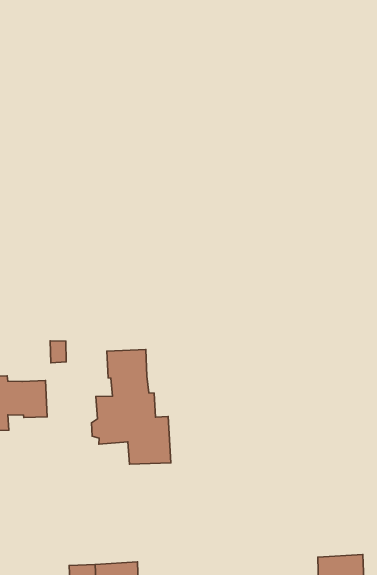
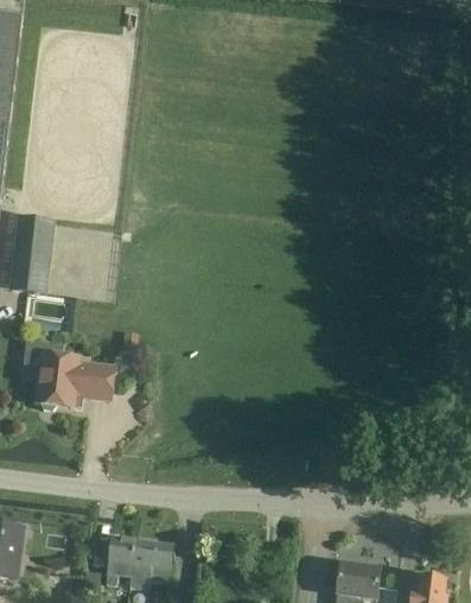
building: [92,349,171,464] -> none

